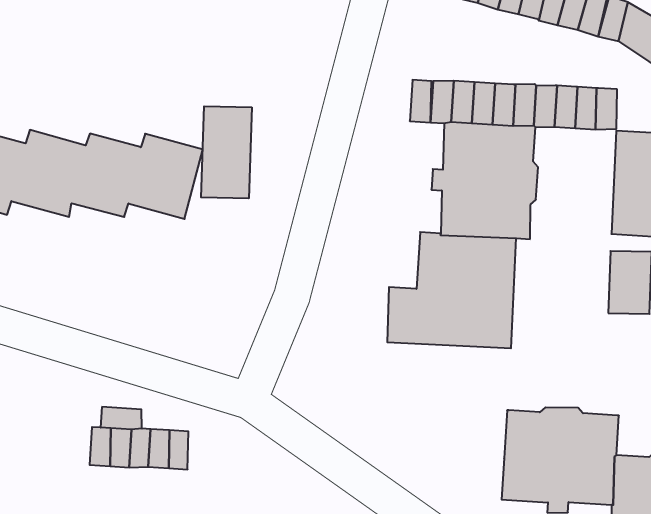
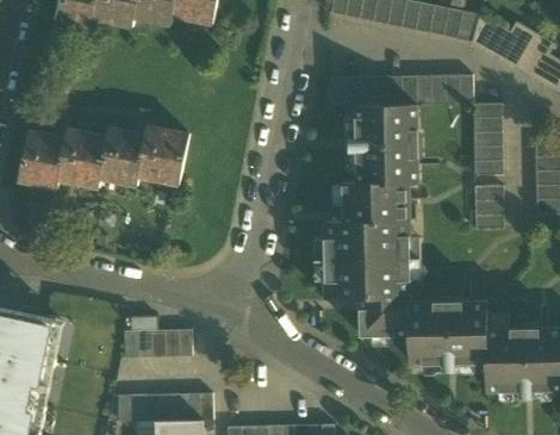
building: [201,106,252,198] -> none
building: none -> [323,259,410,336]

